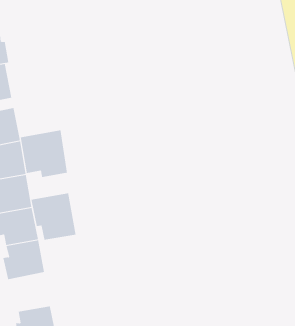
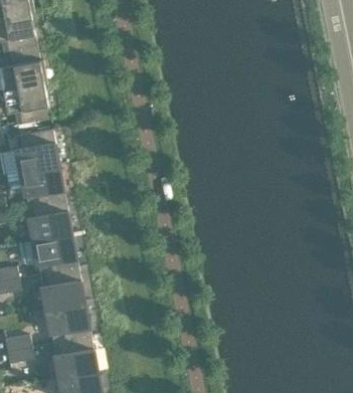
building: [20,129,68,178] -> none
building: [31,192,76,241] -> none
building: none -> [44,302,90,343]

